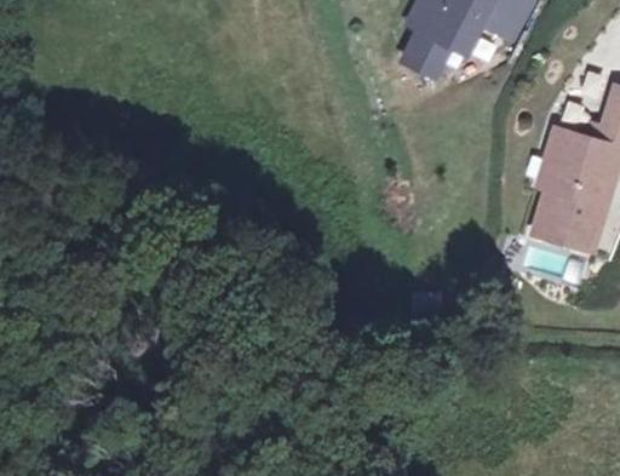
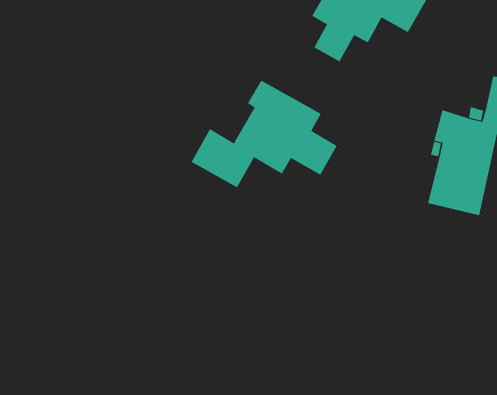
building: none -> [191,80,338,188]

